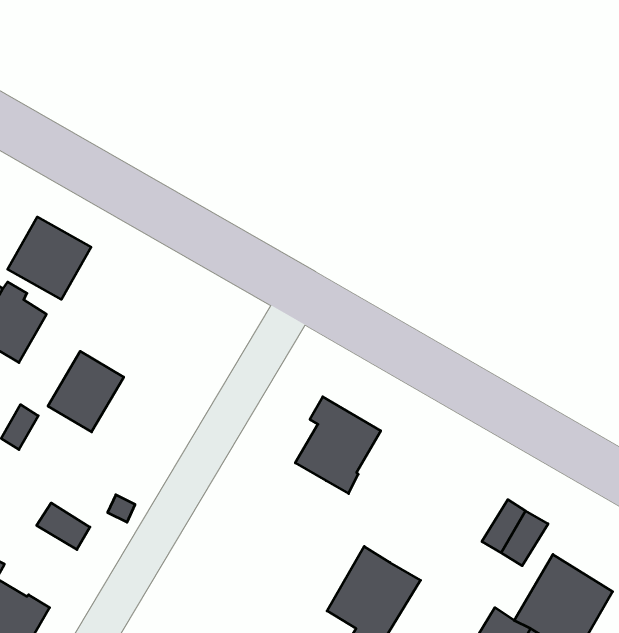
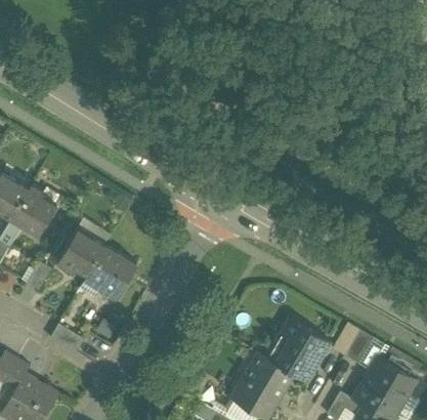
building: [8,217,91,299] -> none
building: none -> [85,246,137,299]
building: [295,397,381,494] -> [274,322,329,383]

